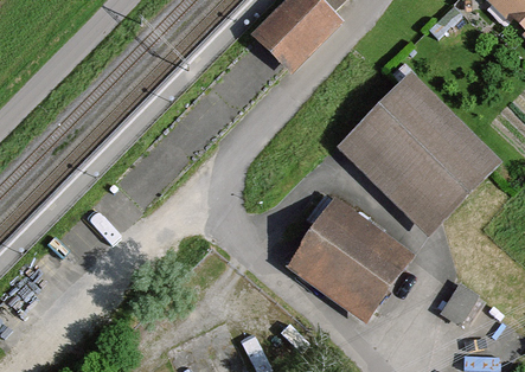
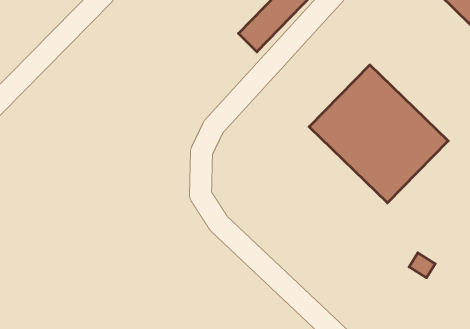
building: [292,204,406,315] -> none

